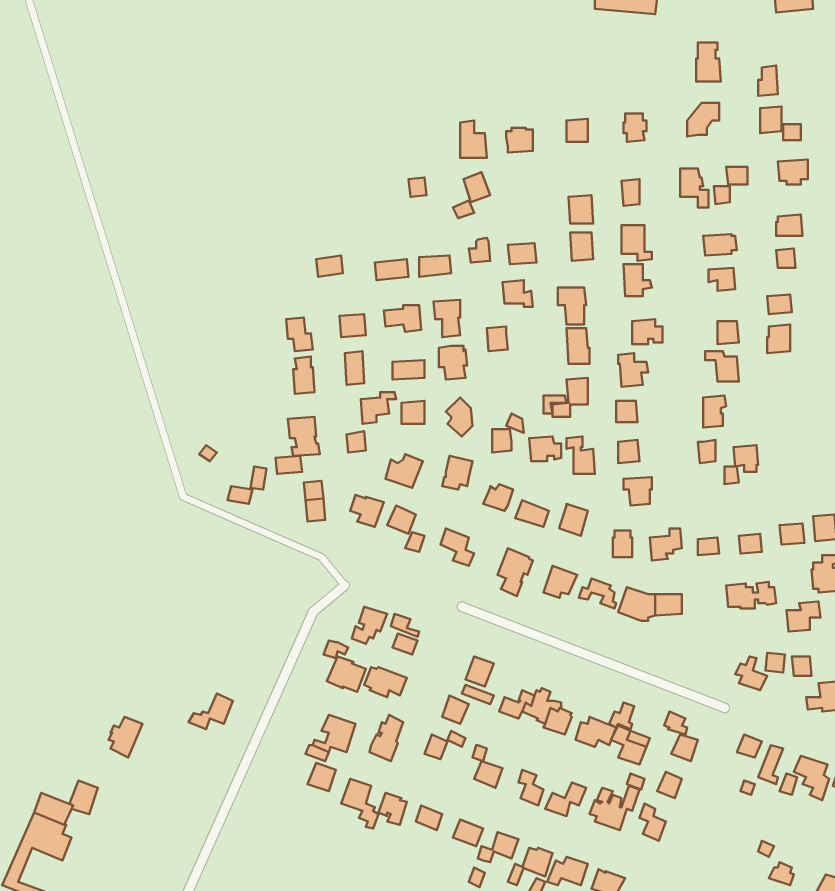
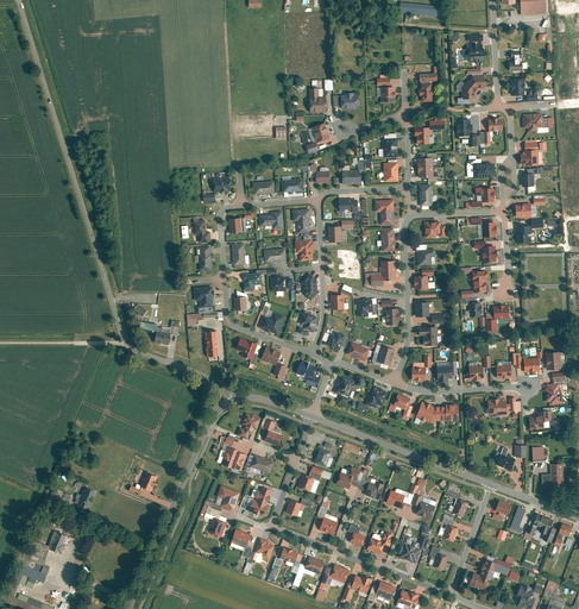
building: none -> [470,559,512,590]

